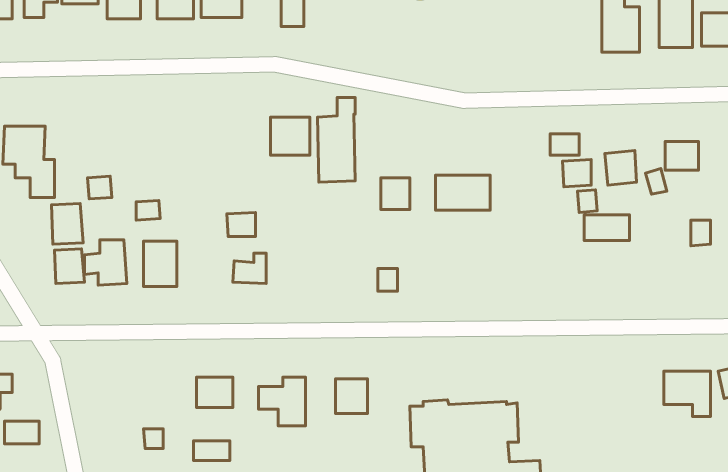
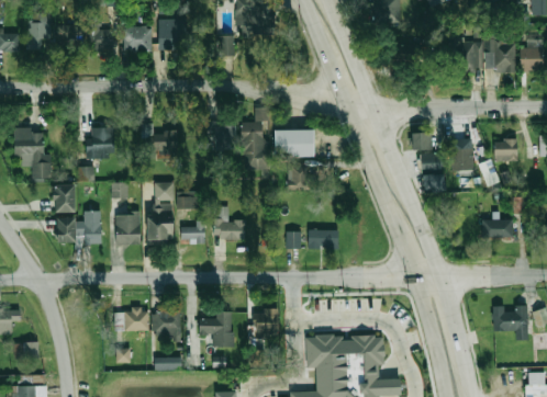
building: none -> [81,128,112,159]
building: none -> [146,132,179,152]
building: [436,175,490,210] -> [274,132,313,157]
building: none -> [148,183,172,243]
building: [584,215,630,240] -> [480,219,513,238]
building: none -> [214,207,245,240]
building: none -> [309,230,338,249]
building: none -> [114,310,148,331]

